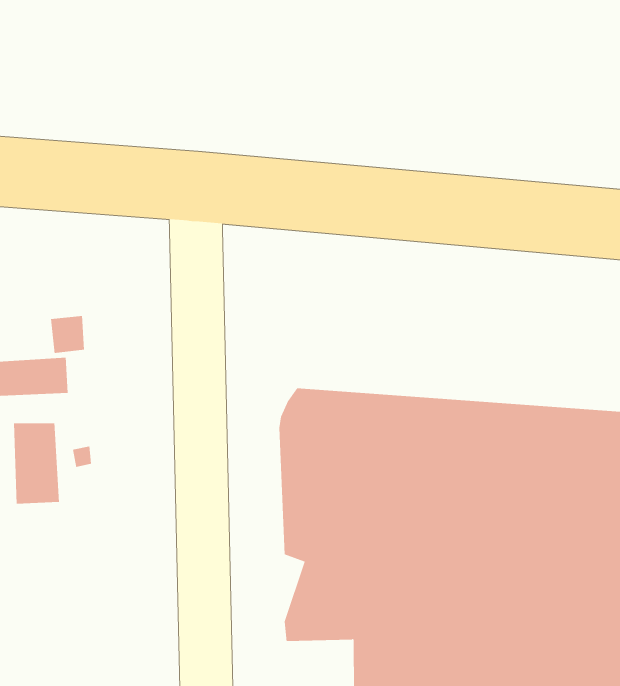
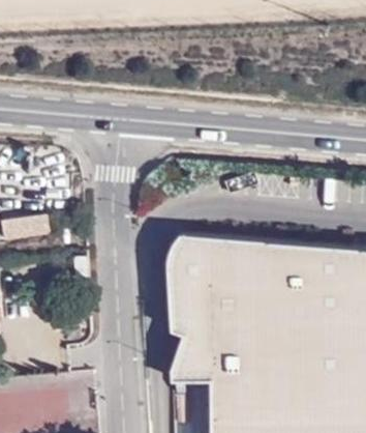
building: [14,423,59,505] -> none

